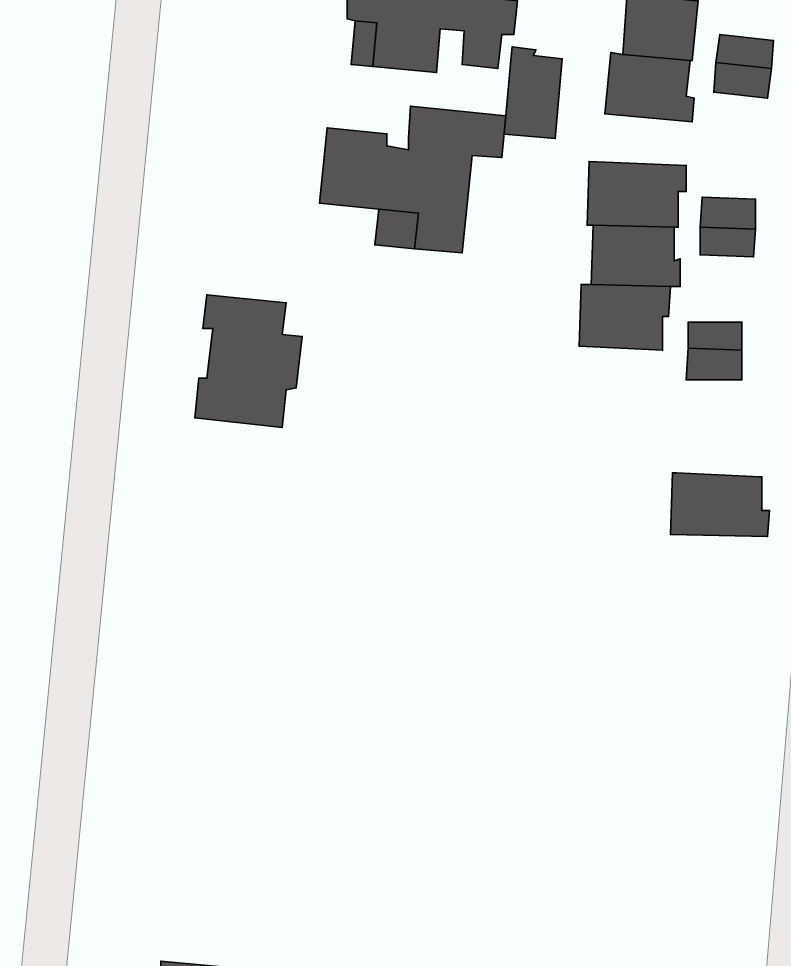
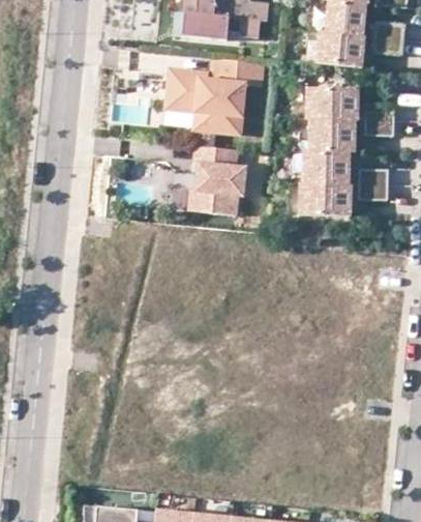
building: [504,47,562,138] -> none
building: [195,295,302,428] -> [191,145,247,214]
building: [670,473,770,536] -> [300,182,352,215]

